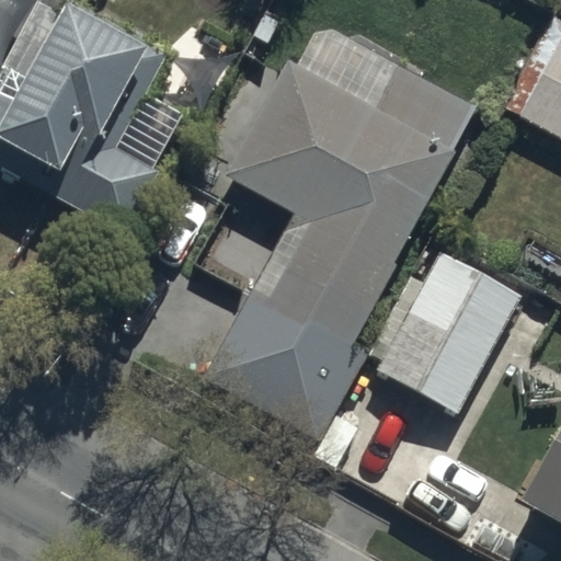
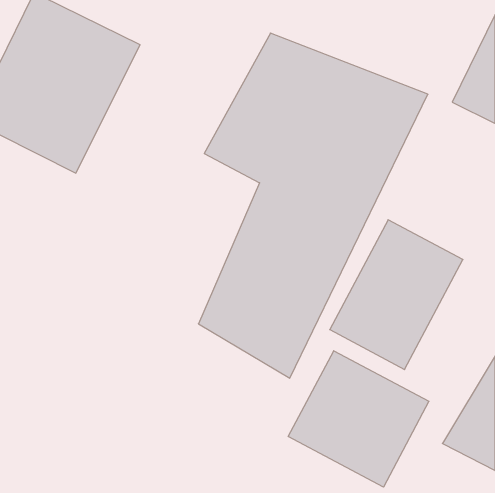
building: none -> [288,351,429,487]

